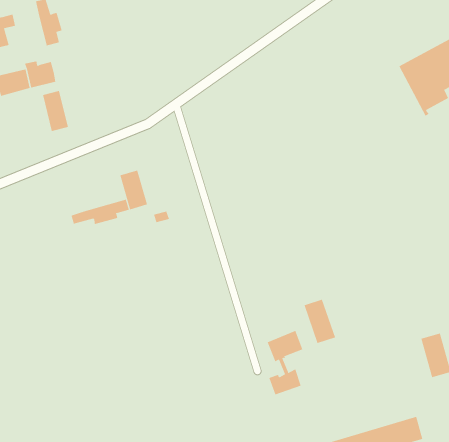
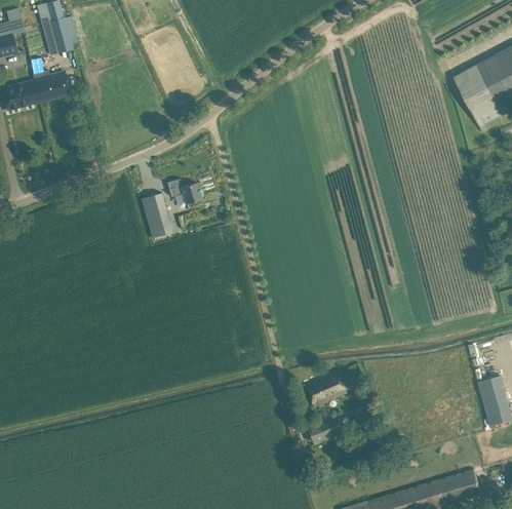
building: [42,90,68,132] -> none
building: none -> [167,179,201,203]
building: [71,199,129,225] -> none
building: [304,299,336,344] -> none

